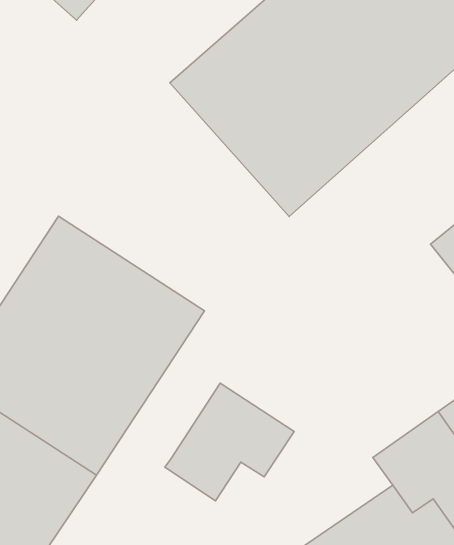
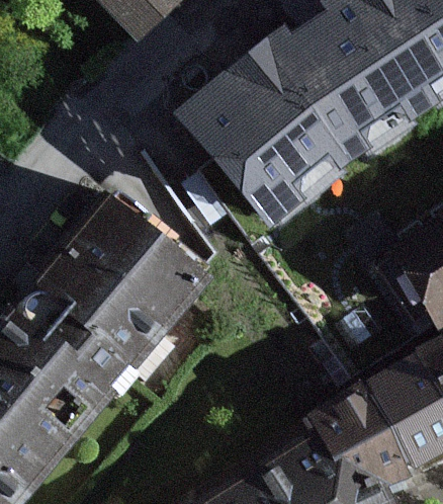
building: [165,383,294,501] -> none

